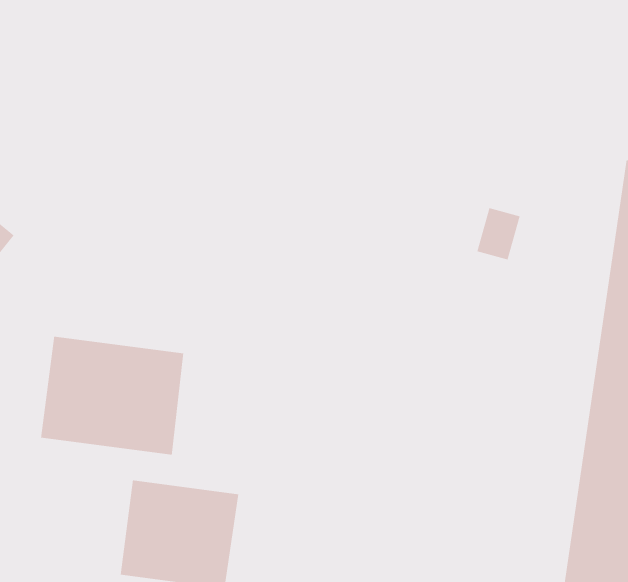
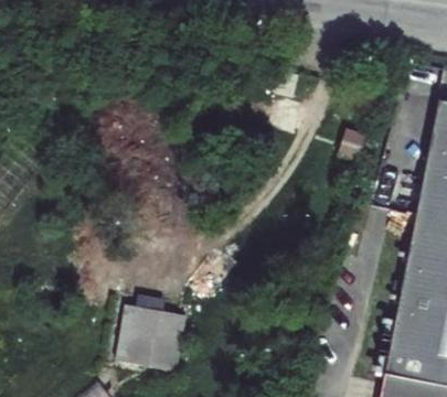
building: [40,336,184,456] -> none

